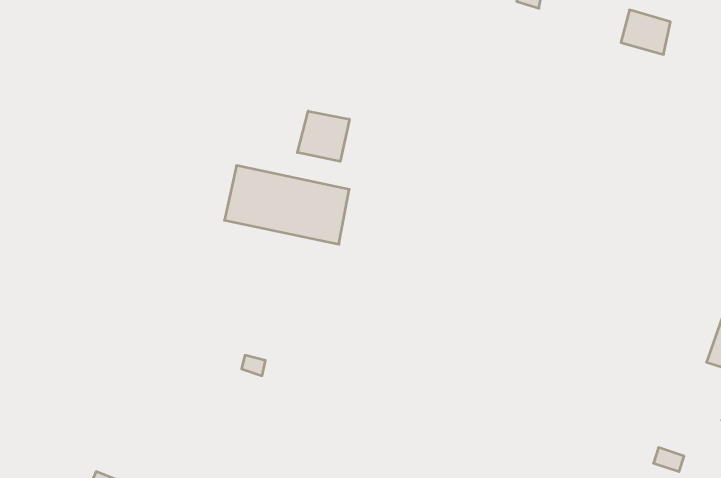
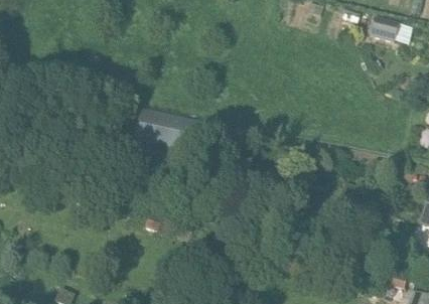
building: [297,111,349,161] -> none

